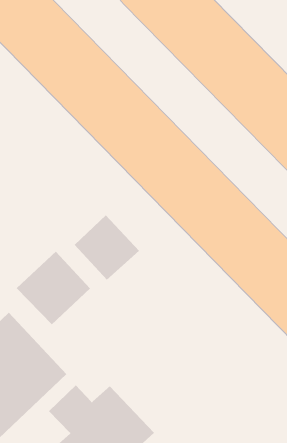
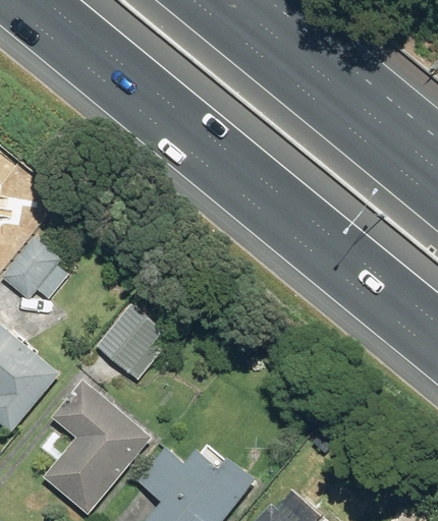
building: [74,214,140,280] -> none

